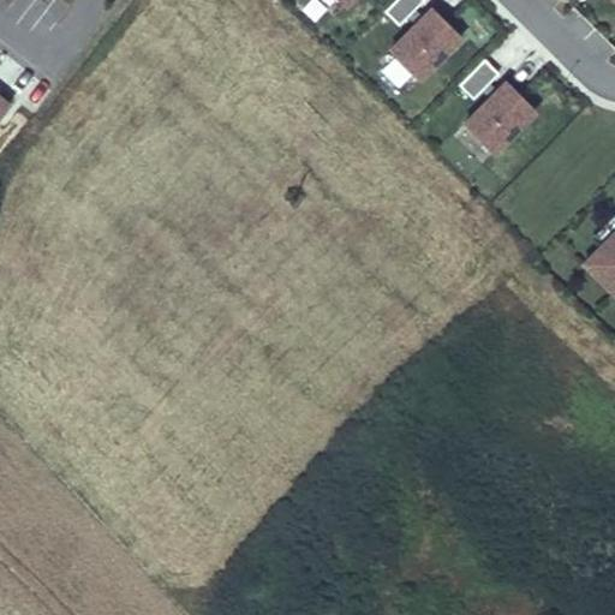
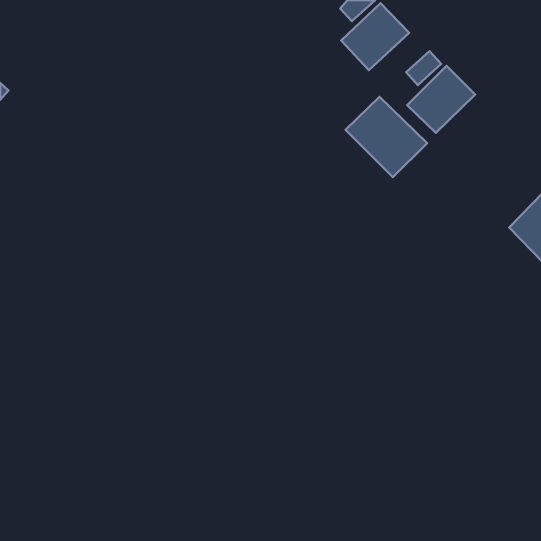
building: none -> [345,97,427,177]

